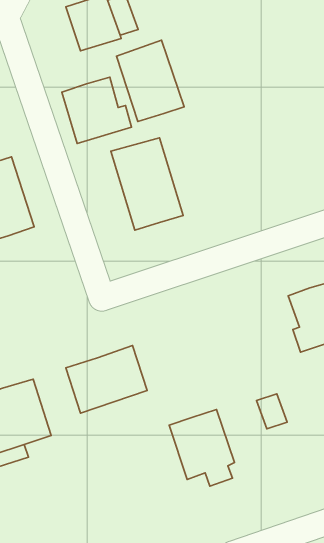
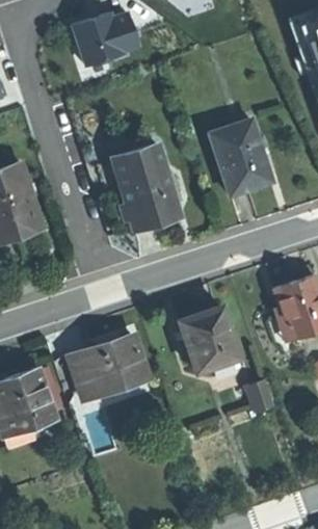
building: [116,40,184,121] -> [207,118,269,193]
building: [62,77,131,143] -> none
building: [169,410,235,486] -> [178,306,238,376]

